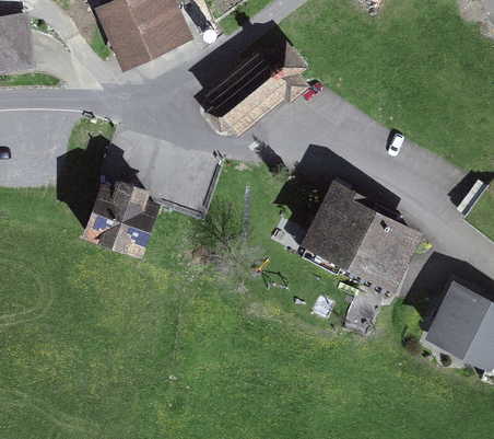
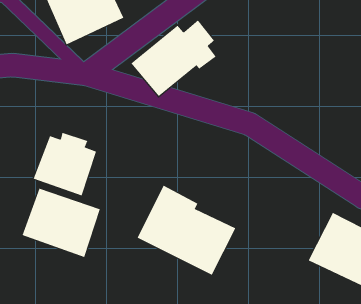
building: [299,181,423,293] -> [137,185,236,276]
building: none -> [22,188,101,258]

